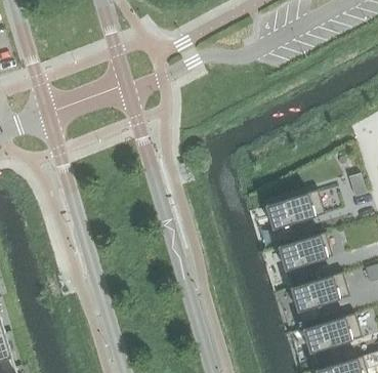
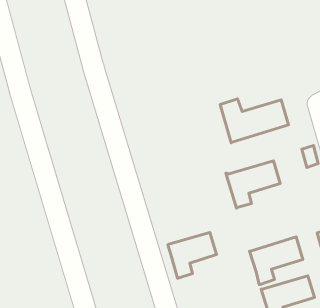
building: none -> [220,99,289,143]
building: [280,233,332,282] -> [168,233,216,278]

